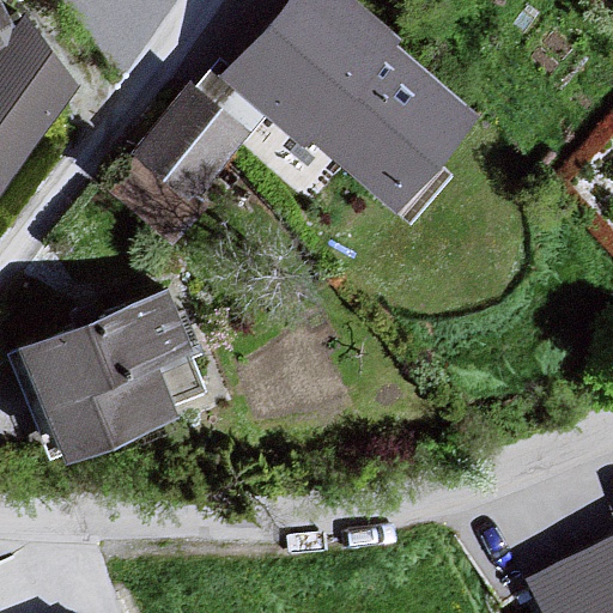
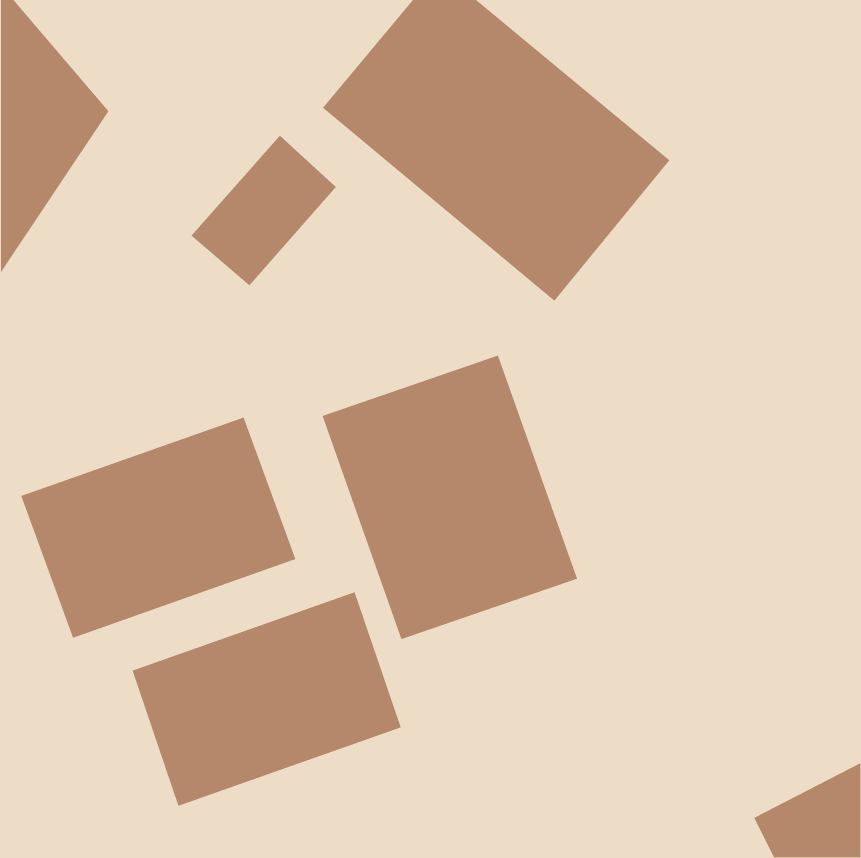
building: none -> [322,354,578,640]
building: none -> [131,591,402,807]

